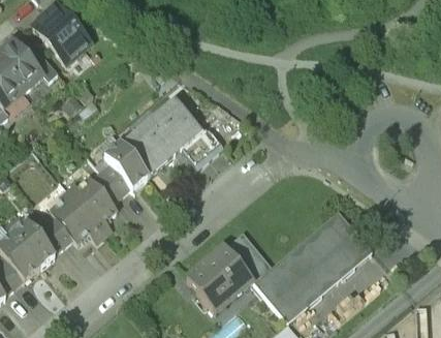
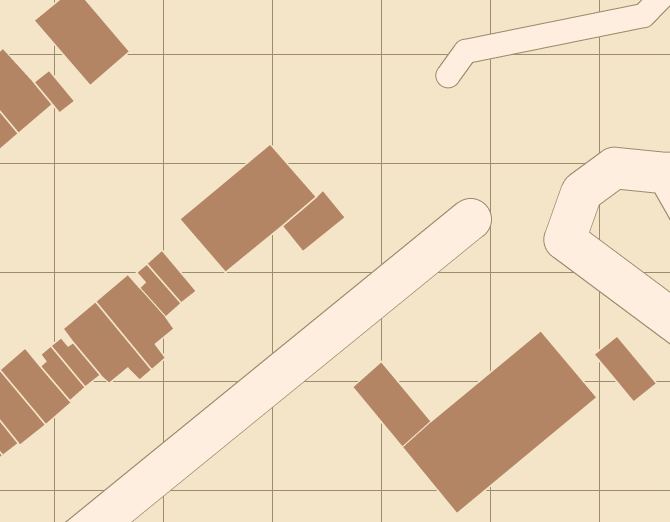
building: [104,144,148,190] -> none
building: none -> [594,336,657,402]
building: [181,245,254,318] -> none

